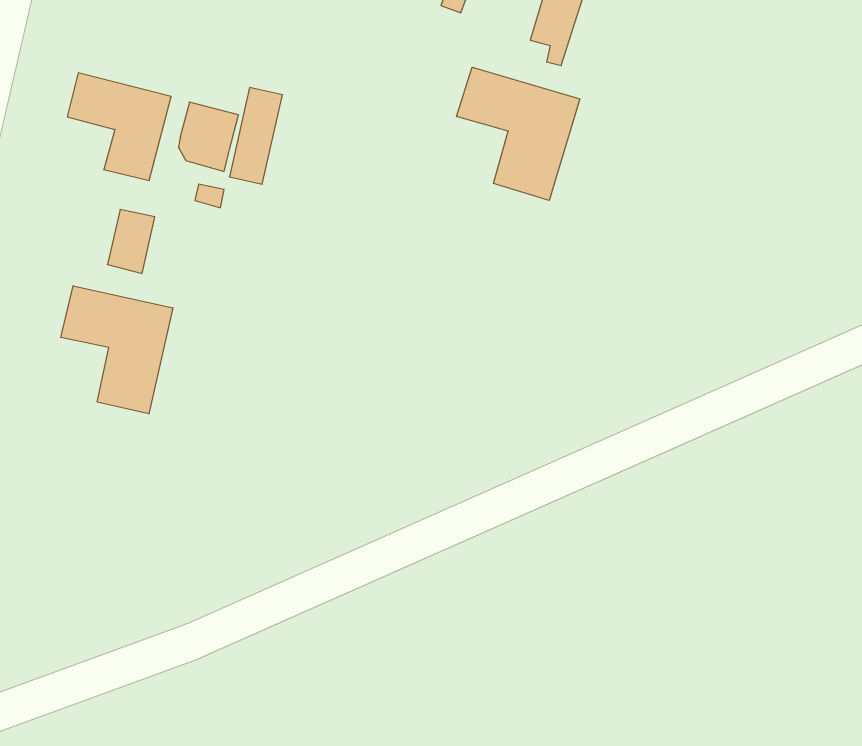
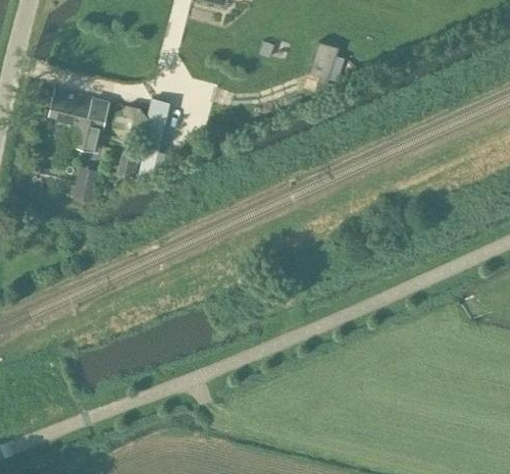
building: [457,67,580,200] -> none
building: [61,286,173,414] -> none

